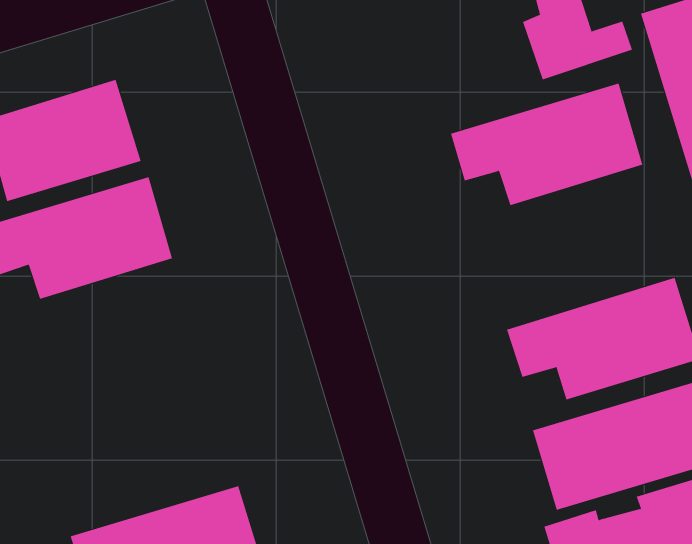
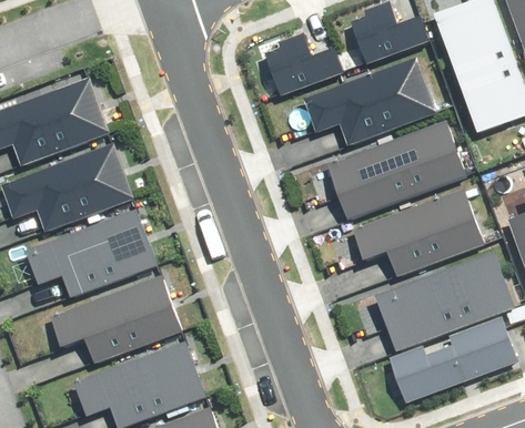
building: none -> [266,31,341,94]
building: none -> [327,123,466,218]
building: none -> [26,211,155,296]
building: none -> [50,276,180,360]

